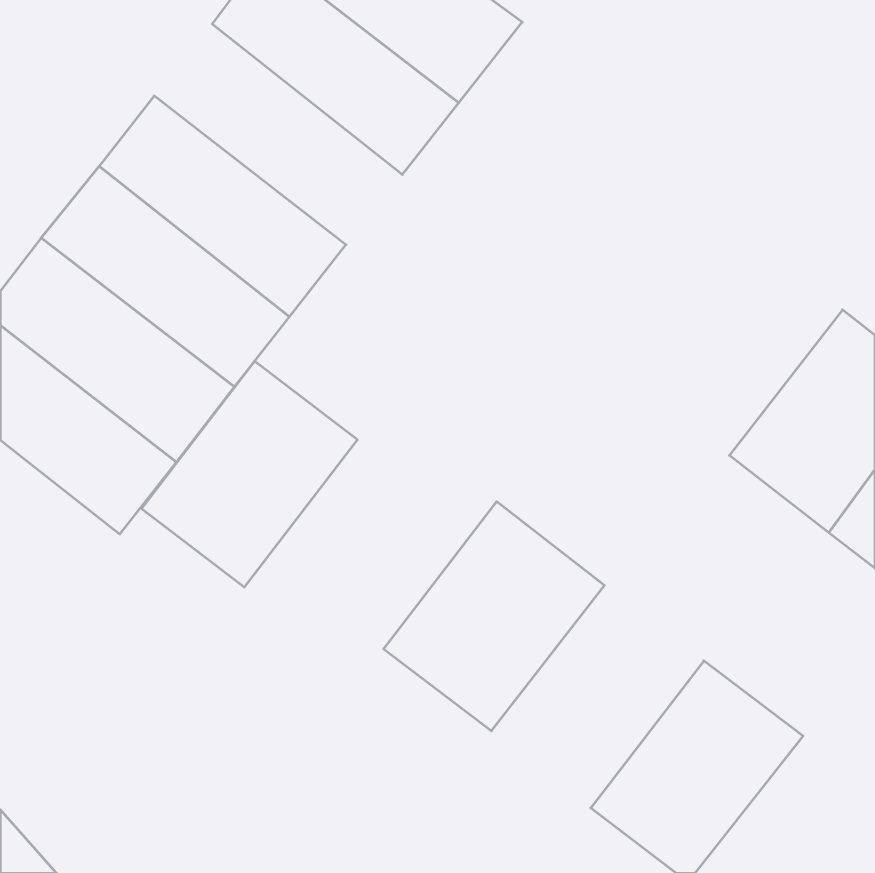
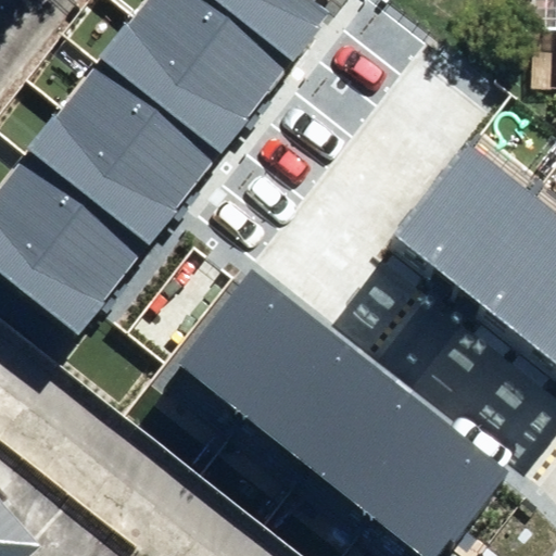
building: none -> [98,15,255,155]
building: none -> [396,146,534,289]
building: [142,361,357,587] -> [178,268,315,412]
building: none -> [312,371,446,513]

